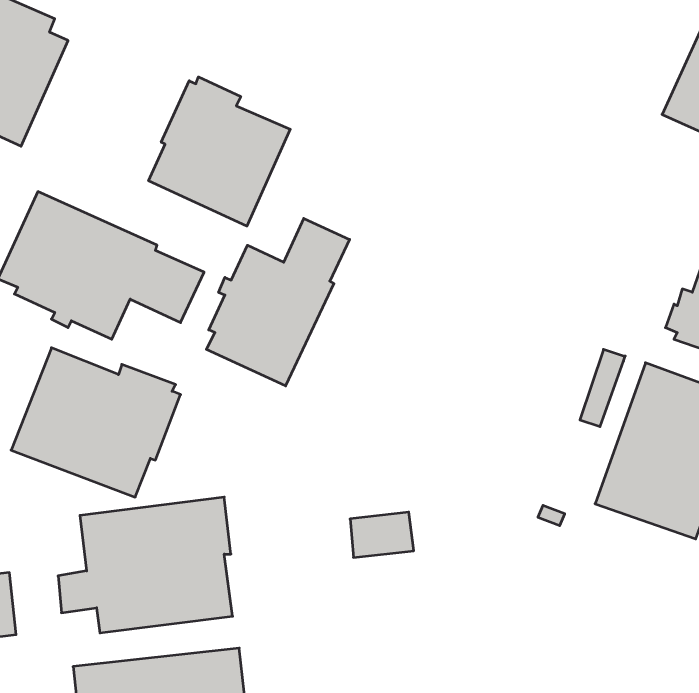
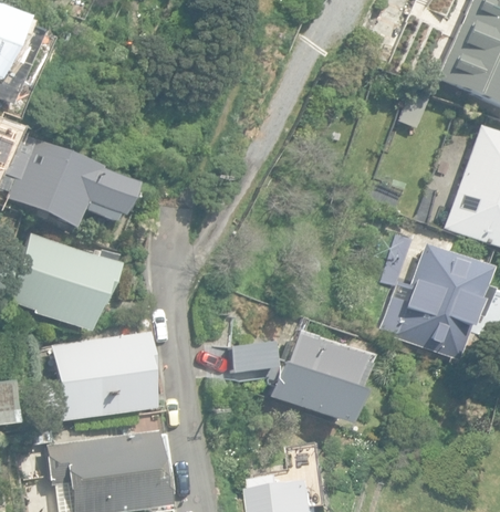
building: [149,77,290,226] -> none
building: [206,218,350,386] -> none
building: none -> [268,334,360,425]

